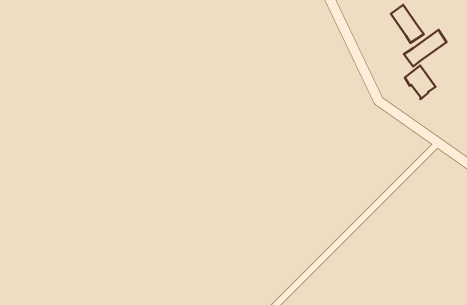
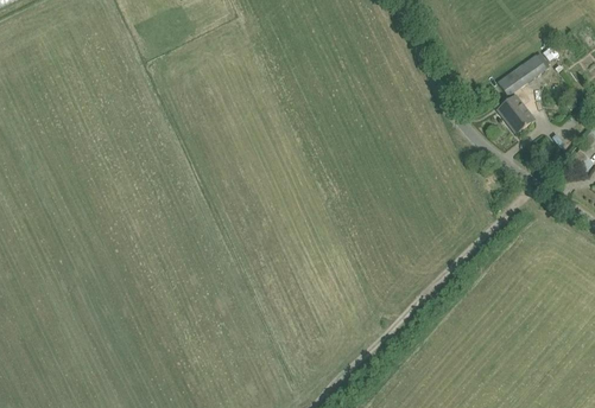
building: [391,5,424,43] -> none

